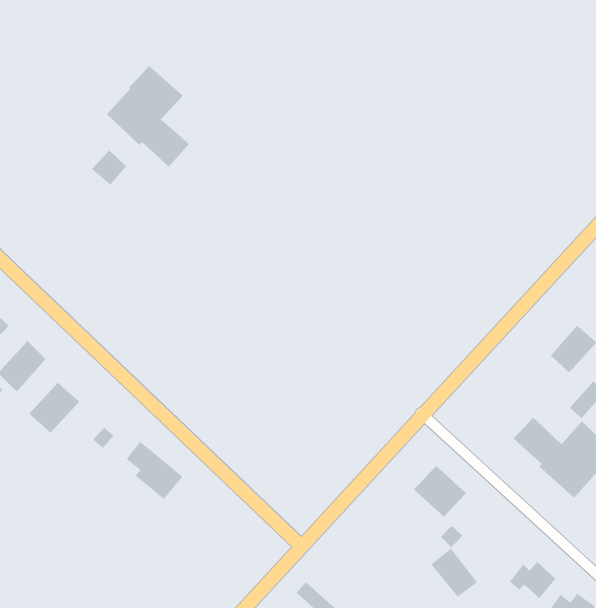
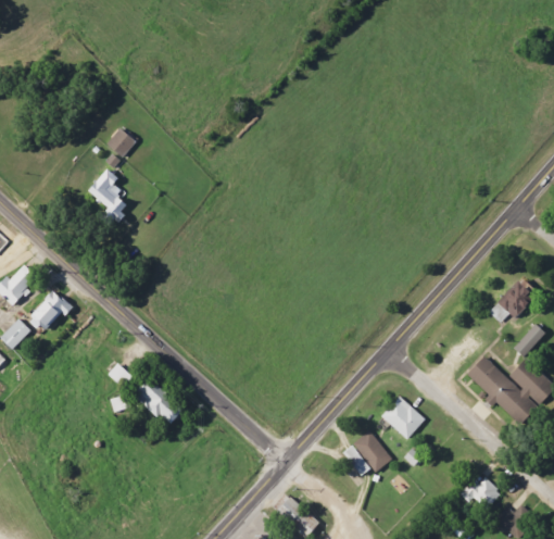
building: [106,65,190,167] -> none
building: none -> [89,168,129,226]
building: [28,382,80,433] -> none
building: [431,548,478,598] -> [353,430,393,473]

